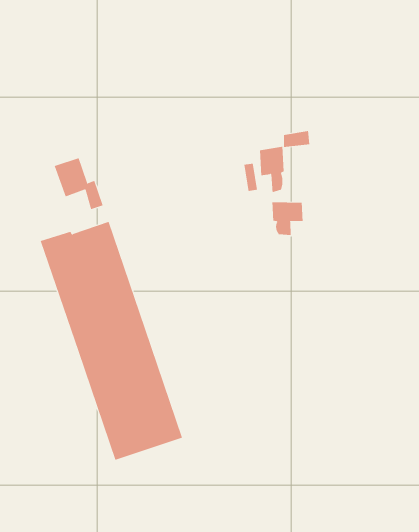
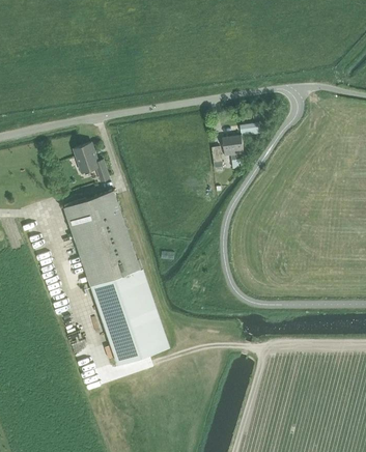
building: [272,202,303,236] -> none

